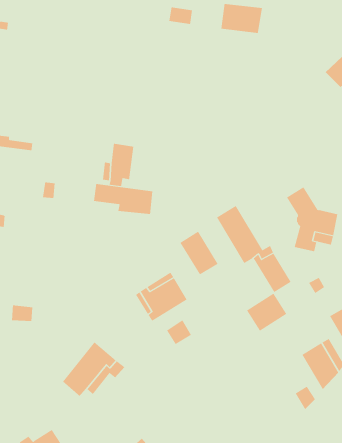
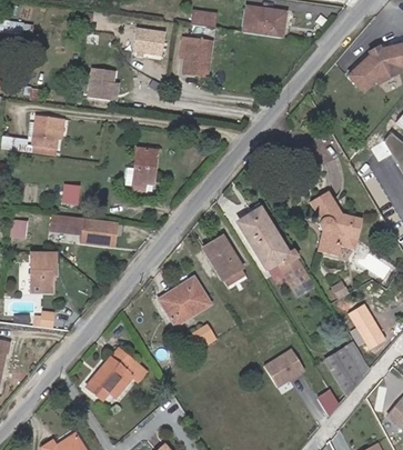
building: none -> [133,28,165,56]
building: none -> [181,37,210,76]
building: none -> [89,67,115,100]
building: none -> [33,116,60,147]
building: [93,183,153,215] -> [57,213,117,244]
building: none -> [31,252,57,292]
building: [246,293,287,332] -> [264,348,305,387]

